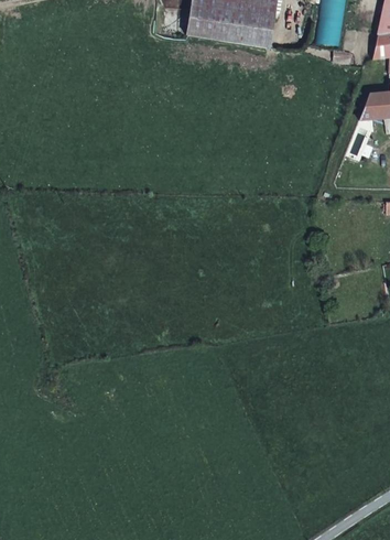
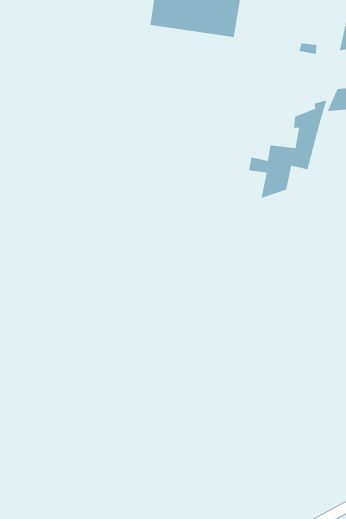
building: none -> [248,99,328,199]

